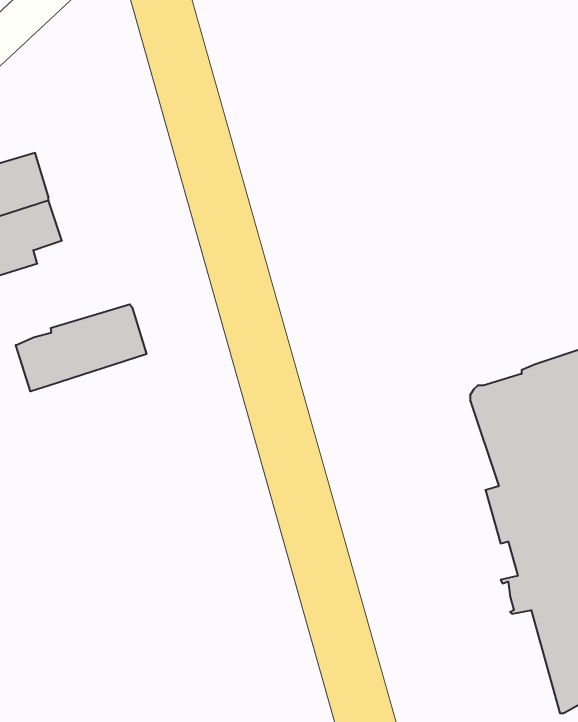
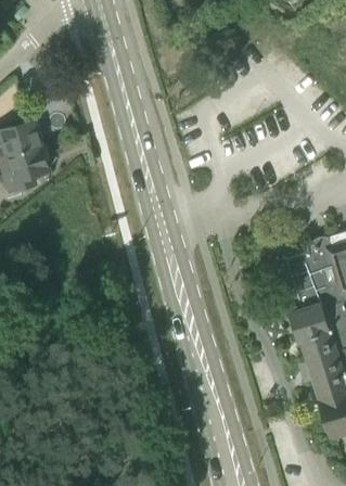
building: [16,304,147,391] -> none

